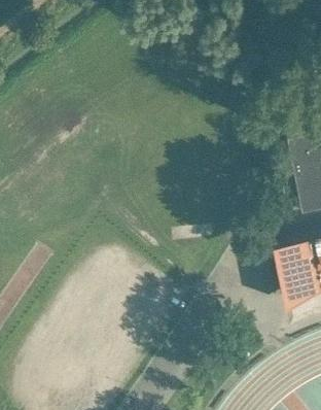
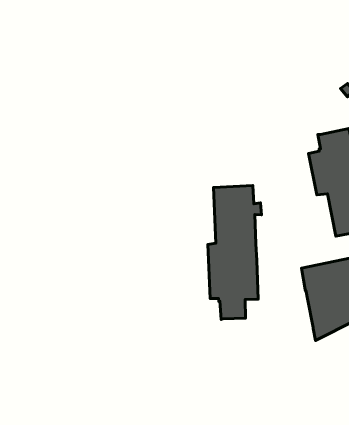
building: none -> [208,185,261,319]

